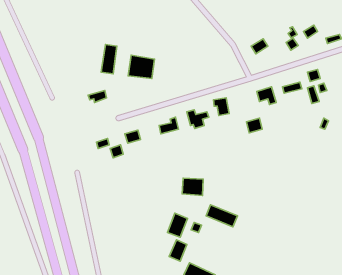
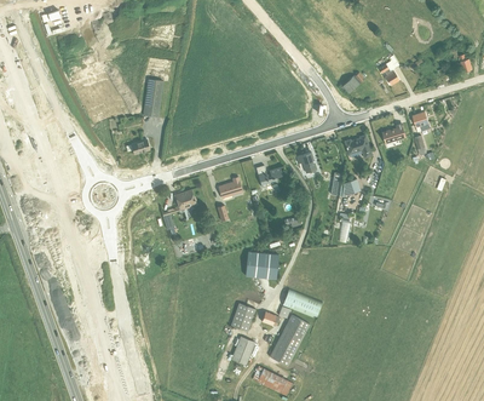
building: [128,55,155,79] -> none
building: none -> [271,315,310,365]

